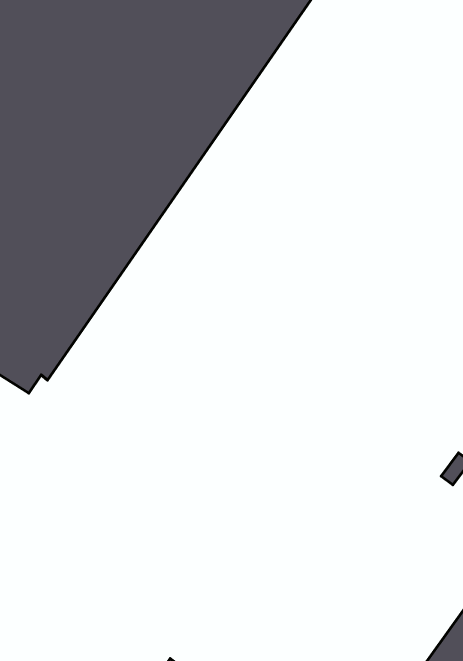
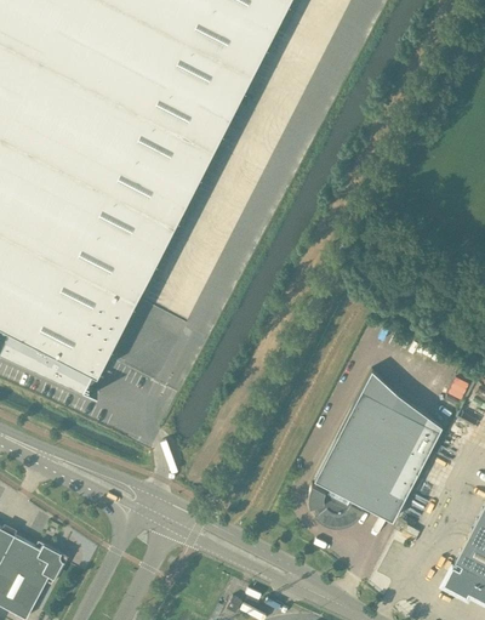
building: none -> [309,370,443,528]

